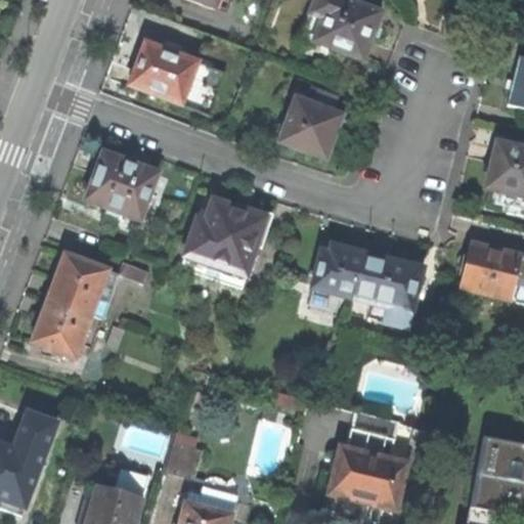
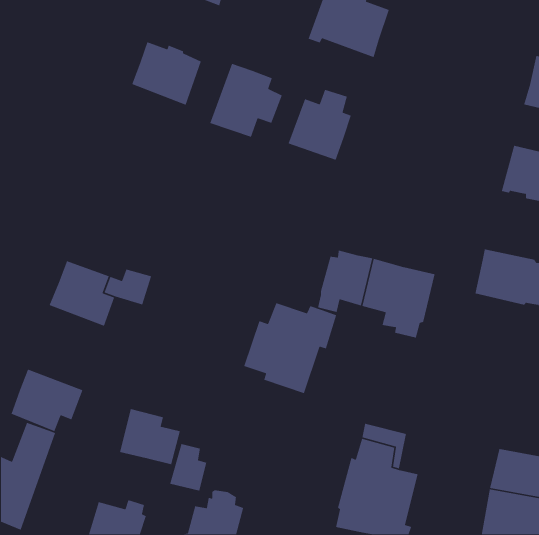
building: none -> [209,63,283,138]
building: [85,149,158,217] -> none
building: [181,199,272,288] -> [243,302,337,394]
building: [32,296,102,357] -> [11,369,83,432]
building: none -> [119,408,181,465]

